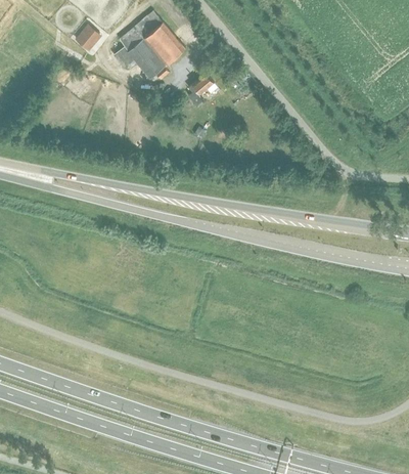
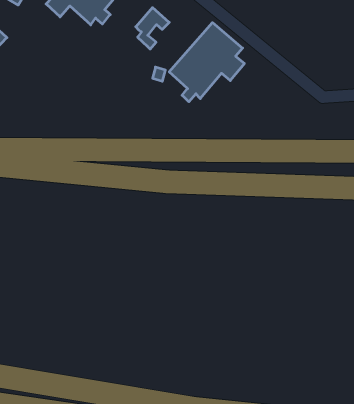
building: none -> [169,23,244,102]

